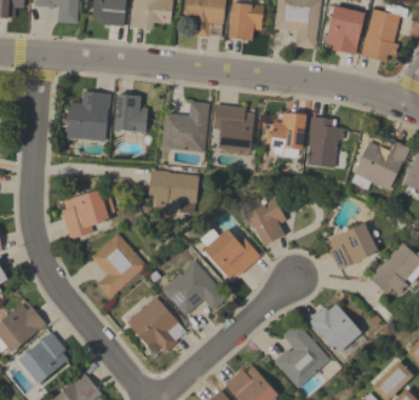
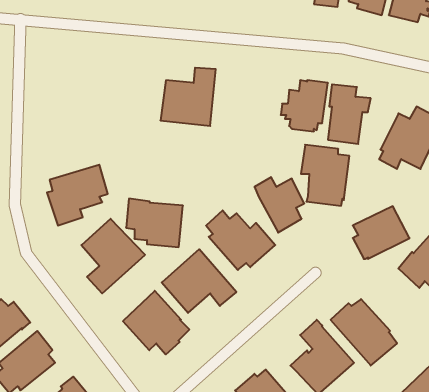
building: [67,90,111,141] -> none
building: [115,93,148,131] -> none
building: [213,103,256,156] -> [301,145,349,206]
building: [149,168,199,211] -> [126,199,183,247]

